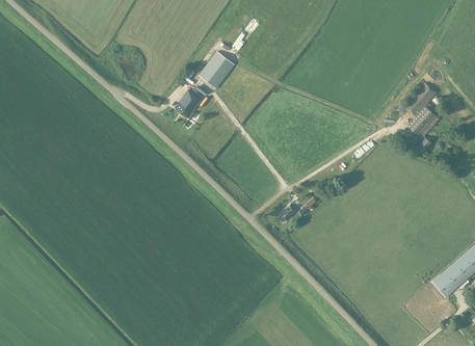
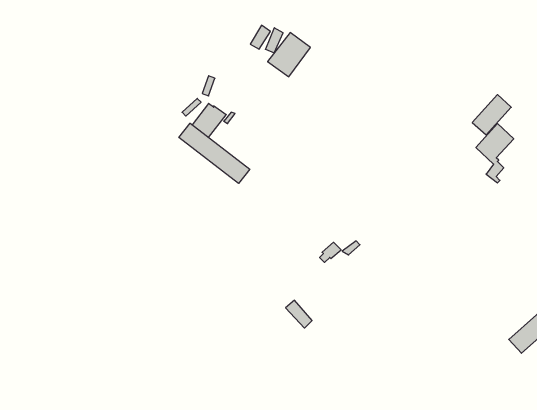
building: [200,51,235,87] -> [268,33,310,77]
building: none -> [179,123,250,183]

